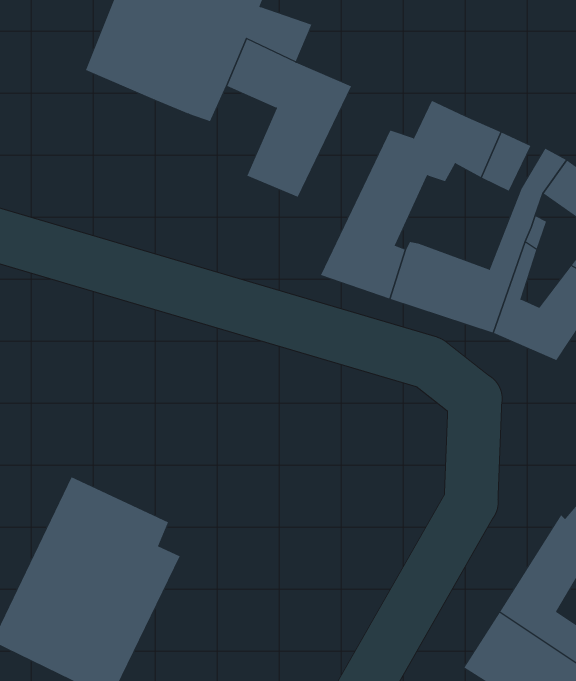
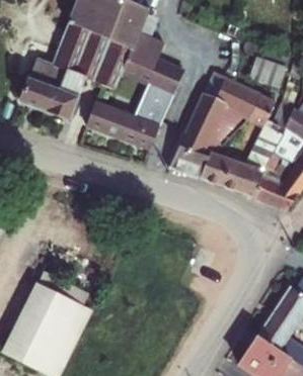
building: none -> [17,57,83,116]
building: none -> [83,100,156,148]

